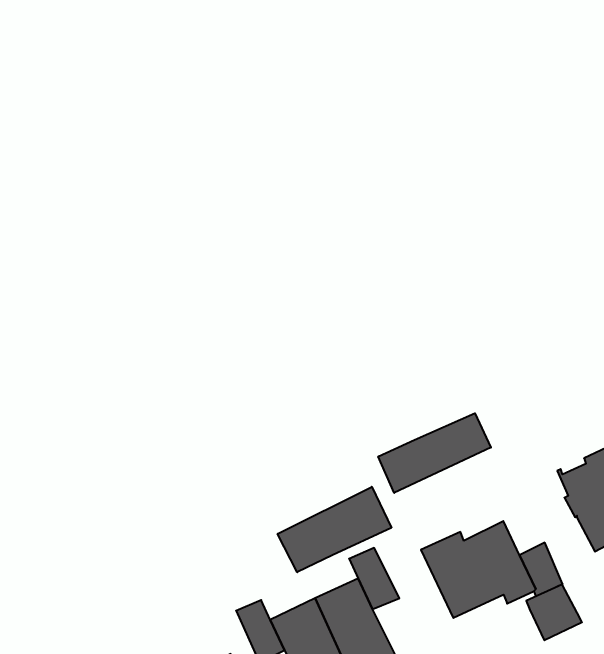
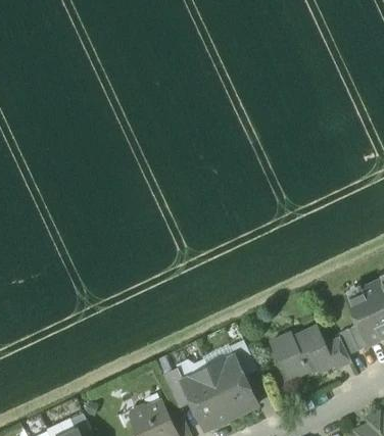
building: [378,413,491,493] -> none
building: [278,487,391,572] -> none
building: [526,585,582,640] -> [338,325,370,356]

